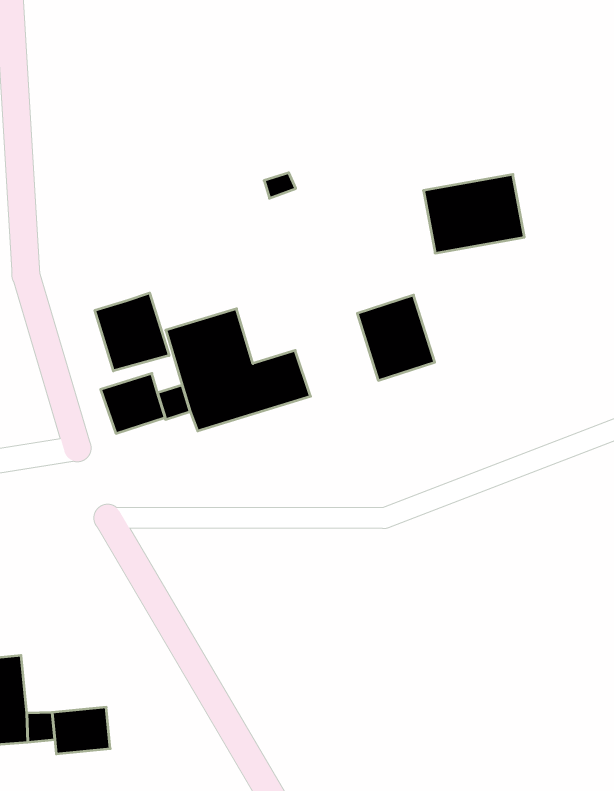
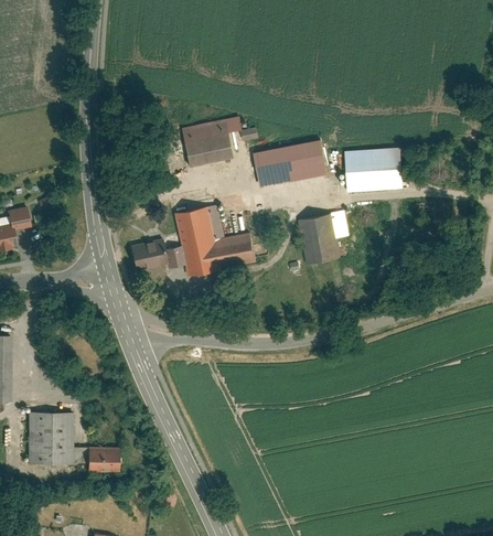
building: none -> [175,112,228,161]
building: none -> [255,142,330,187]
building: [95,293,169,371] -> none

